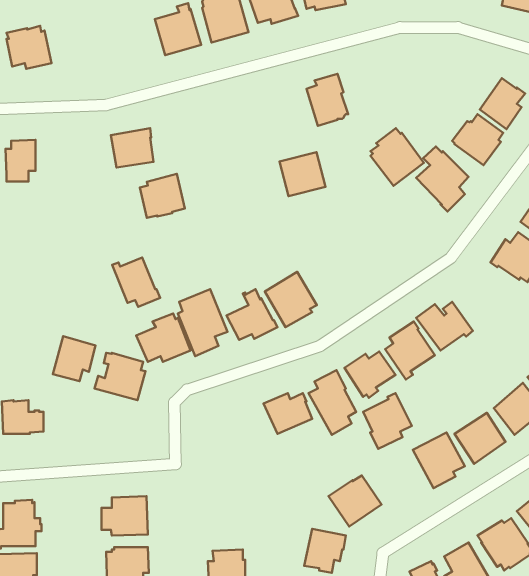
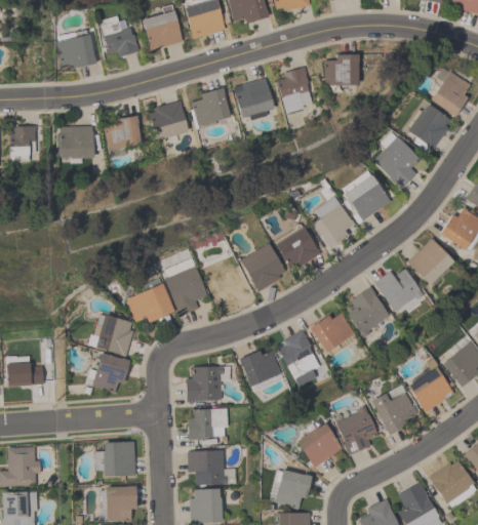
building: none -> [101,15,140,56]
building: [6,26,52,69] -> [56,30,96,68]
building: none -> [324,54,359,84]
building: none -> [191,87,231,128]
building: [371,128,424,186] -> [345,169,392,220]
building: none -> [58,125,95,158]
building: [279,152,326,196] -> [234,78,275,117]
building: [140,174,185,218] -> [149,100,189,139]
building: none -> [313,196,356,247]
building: none -> [276,224,322,269]
building: [112,257,160,307] -> none
building: none -> [408,238,454,284]
building: [53,336,96,381] -> [92,352,130,392]
building: [363,393,412,449] -> [336,406,380,455]
building: none -> [187,366,231,401]
building: none -> [189,408,229,440]
building: none -> [188,450,236,486]

